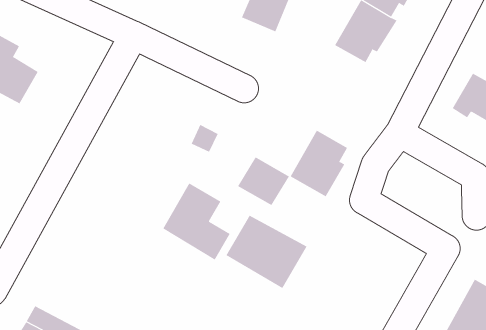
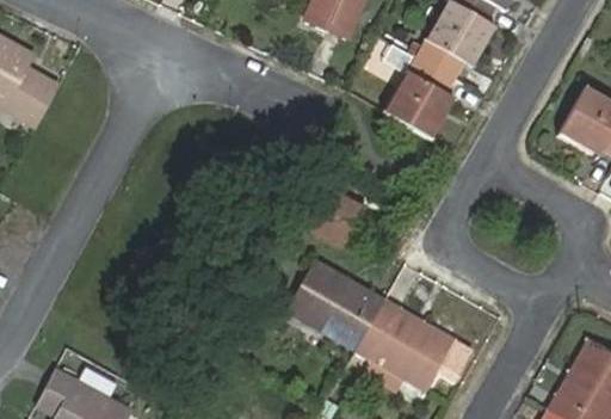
building: [290,130,348,197] -> [384,56,455,137]
building: [163,183,231,260] -> none
building: none -> [354,300,456,392]

